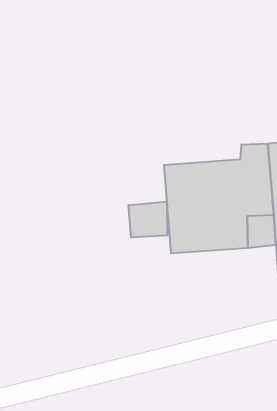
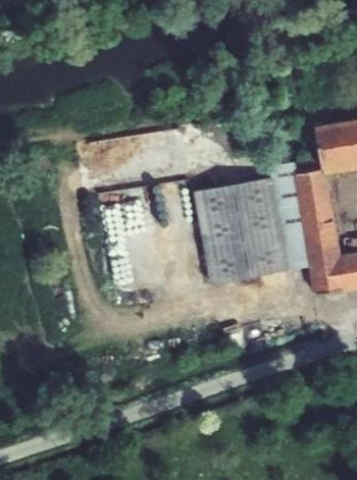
building: [129,202,167,238] -> none

